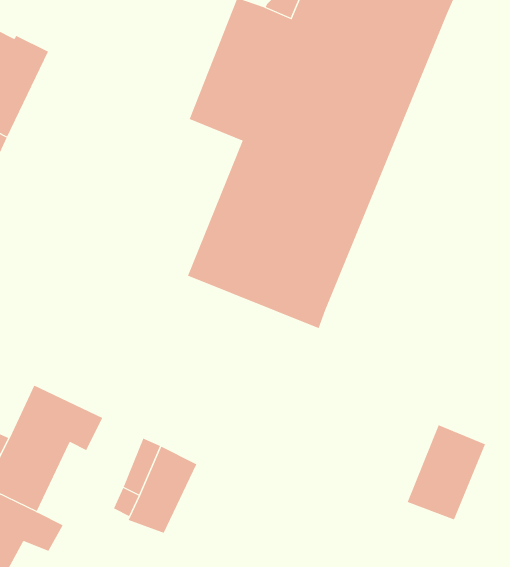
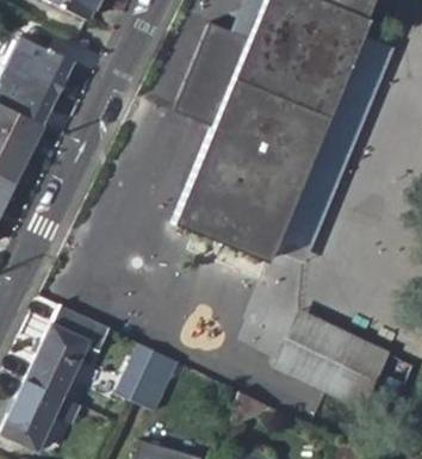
building: none -> [272,35,395,263]
building: none -> [277,310,353,387]

